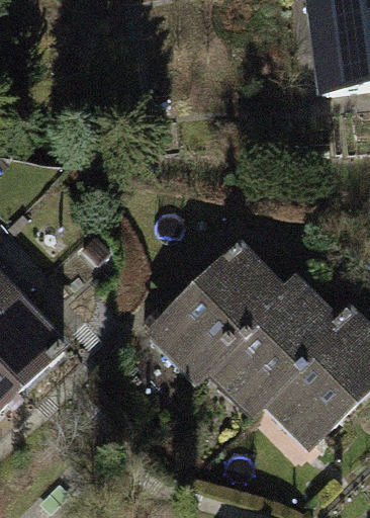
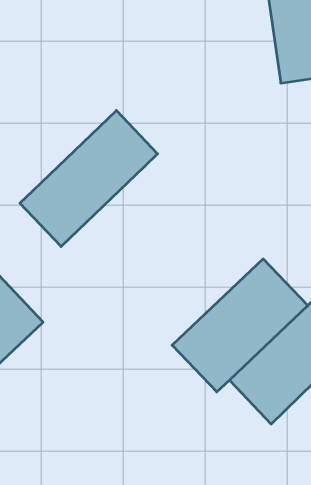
building: none -> [20,110,158,247]
building: [145,243,285,381] -> none

